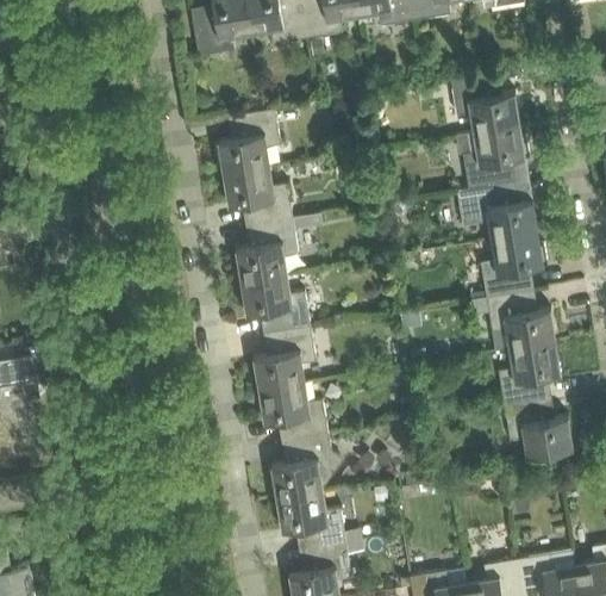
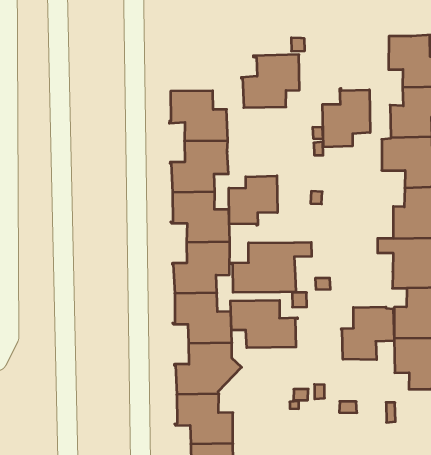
building: [217,106,281,172] -> [241,55,299,108]
building: none -> [323,88,370,147]
building: none -> [229,176,277,225]
building: none -> [231,242,312,292]
building: none -> [341,307,394,360]
building: none -> [230,300,298,348]

